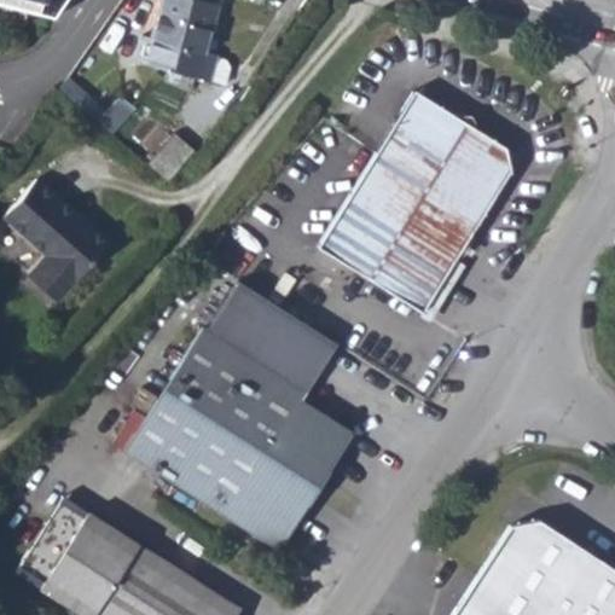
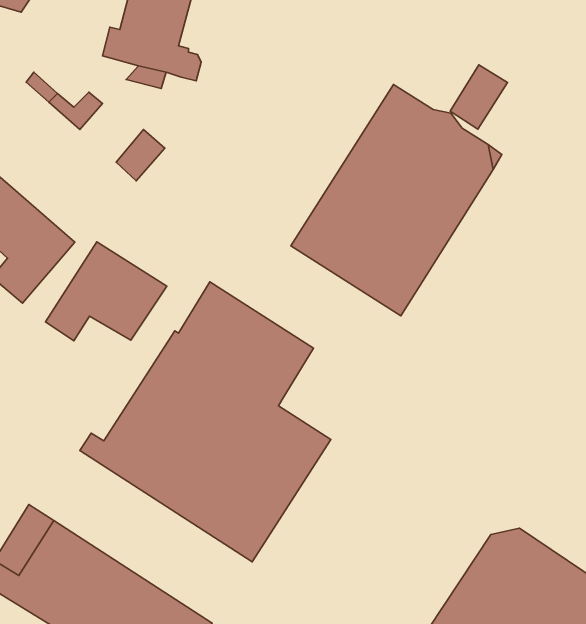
building: none -> [450,65,508,129]
building: none -> [45,242,167,341]

